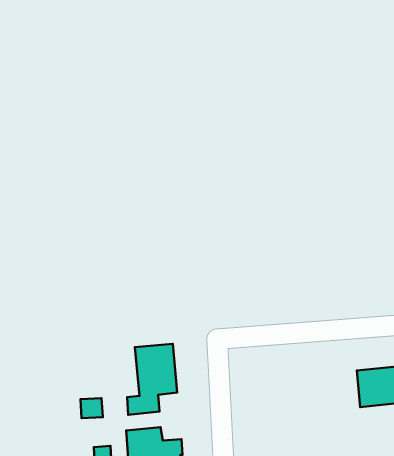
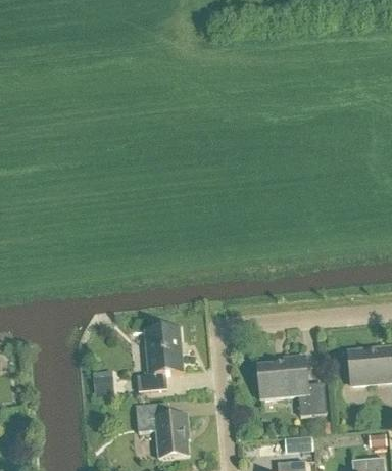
building: none -> [257,355,326,415]

